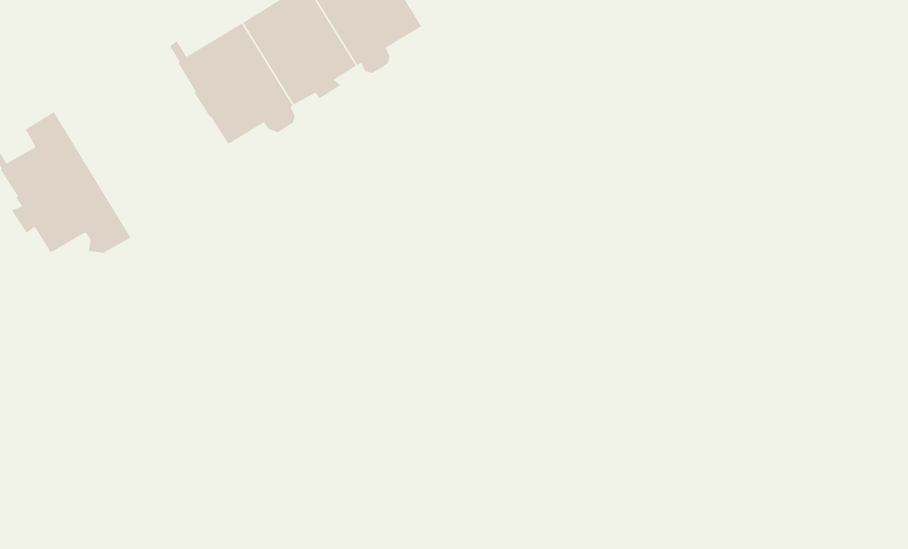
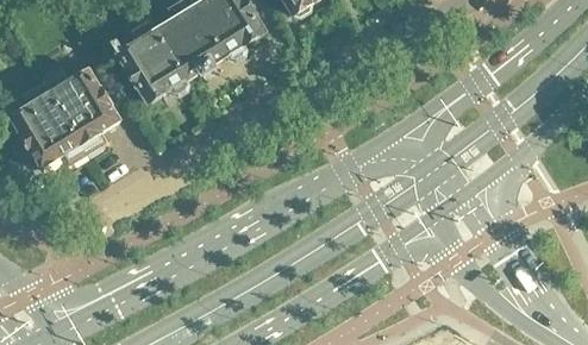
building: none -> [43,57,119,156]

